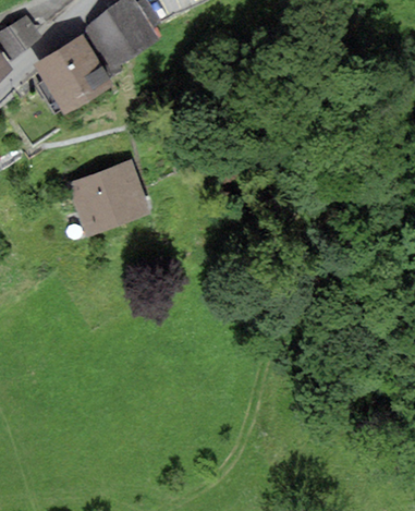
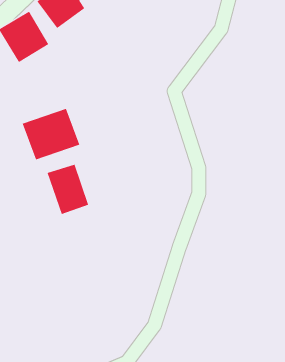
building: none -> [47,164,89,215]

